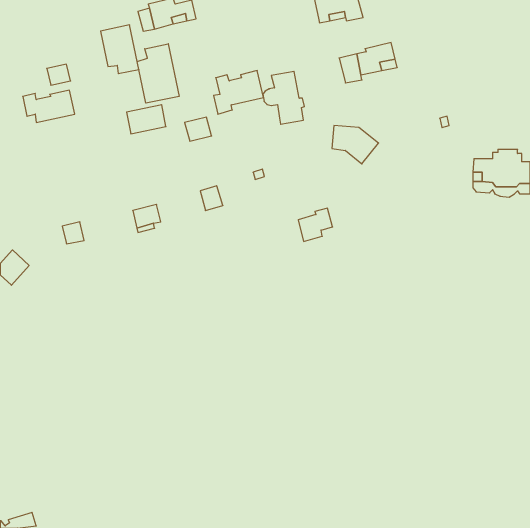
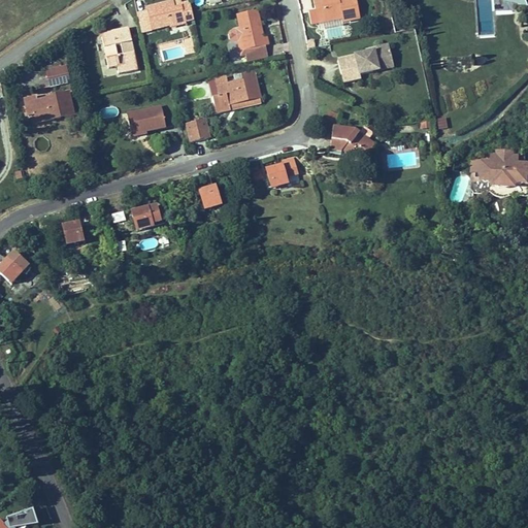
building: [137,44,179,103] -> none
building: [263,71,304,124] -> [228,8,269,61]
building: [298,208,333,241] -> [265,156,299,189]

